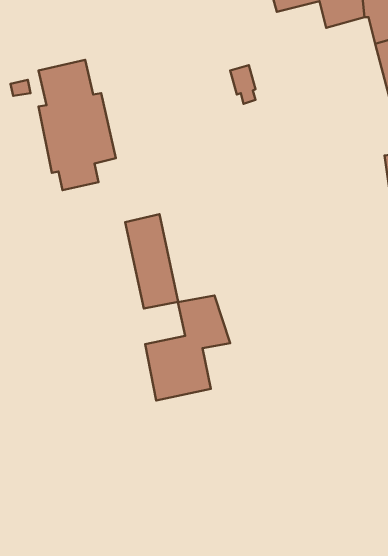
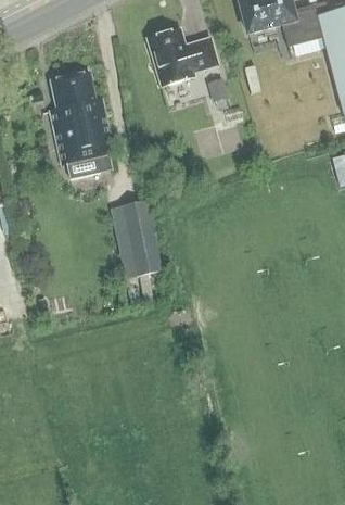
building: none -> [146,28,217,86]
building: [145,295,230,400] -> none

